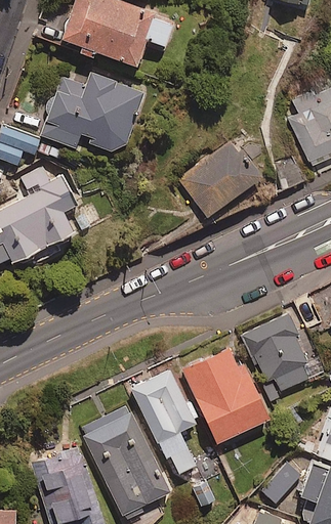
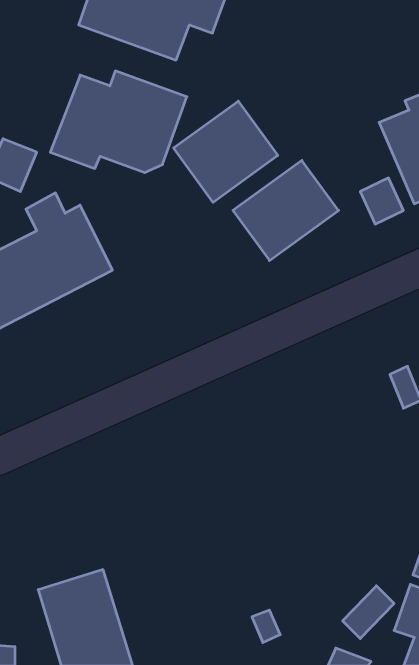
building: none -> [174,101,278,202]
building: [244,314,313,390] -> none
building: [182,348,267,442] -> none
building: [130,370,195,473] -> none
building: [82,406,169,514] -> none

